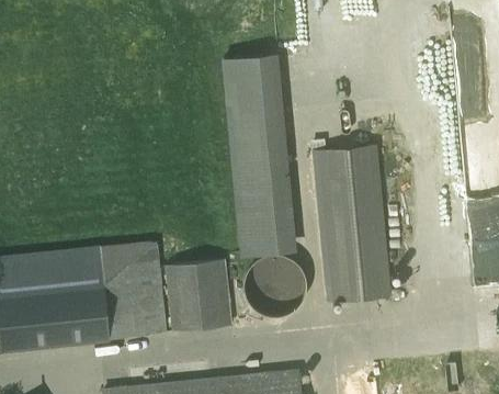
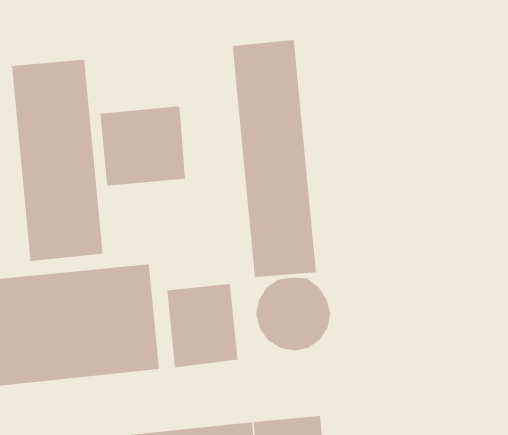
building: none -> [11,59,103,262]
building: none -> [100,105,186,187]
building: [320,145,388,300] -> none

